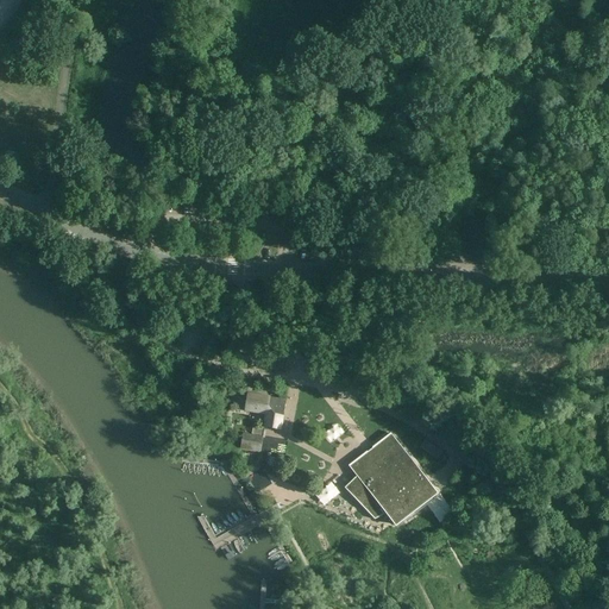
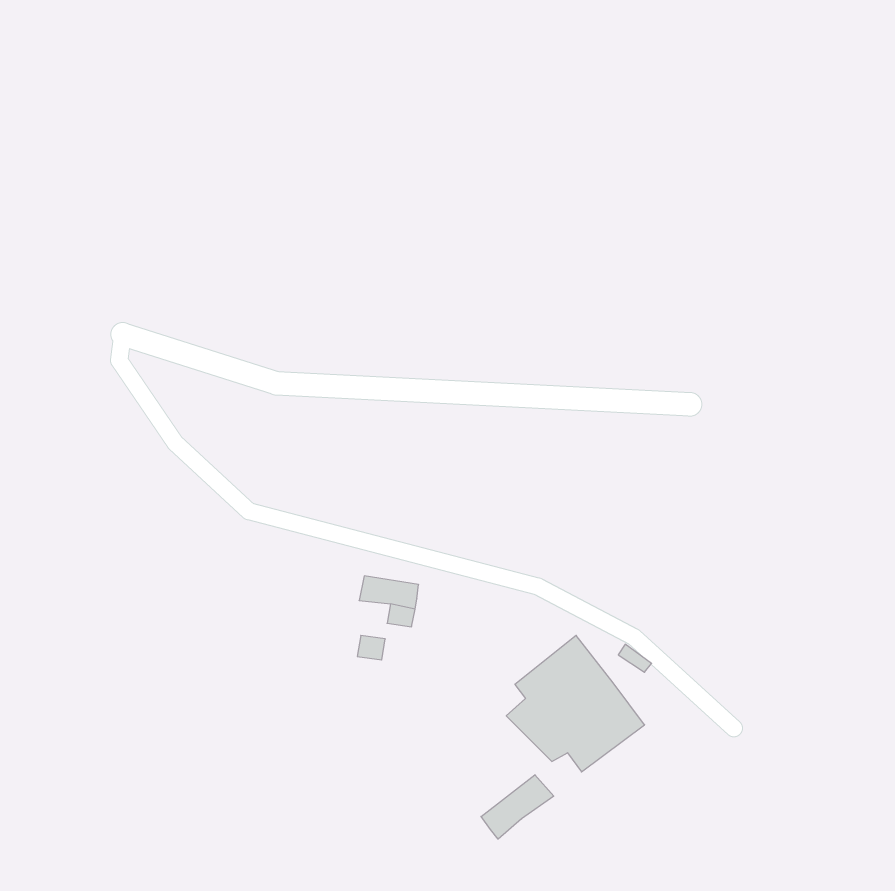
building: none -> [481,775,554,839]

